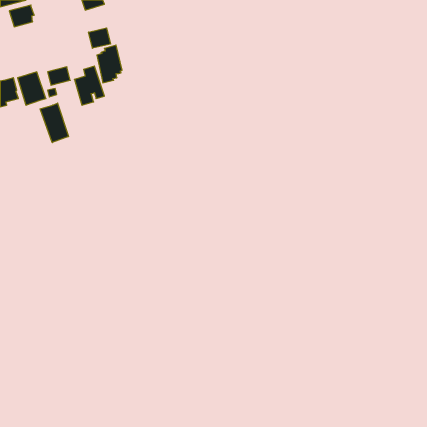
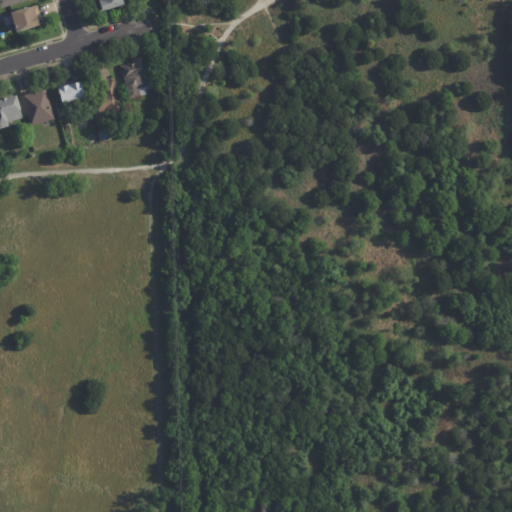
building: [89,28,110,48] -> none
building: [40,103,68,143] -> none

